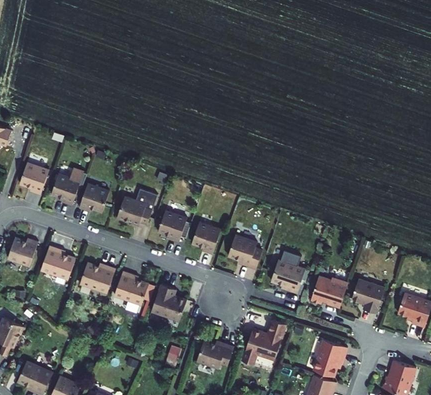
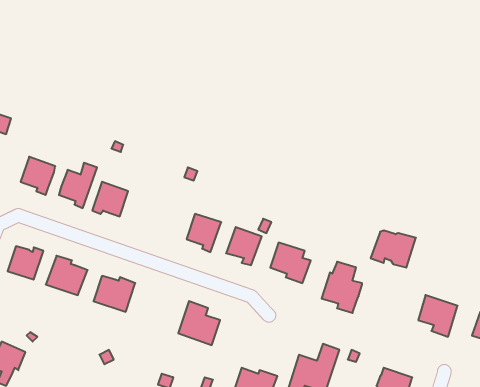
building: [117,189,157,225] -> none
building: [114,271,148,305] -> none
building: [310,277,348,308] -> [371,231,416,268]

